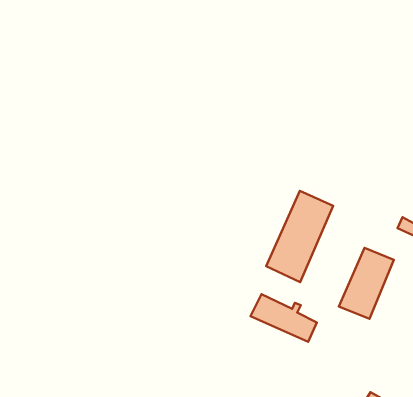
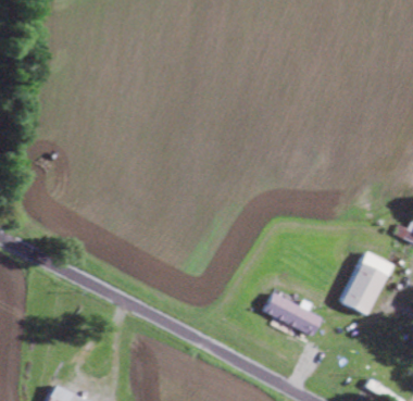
building: [266,191,333,282] -> none

